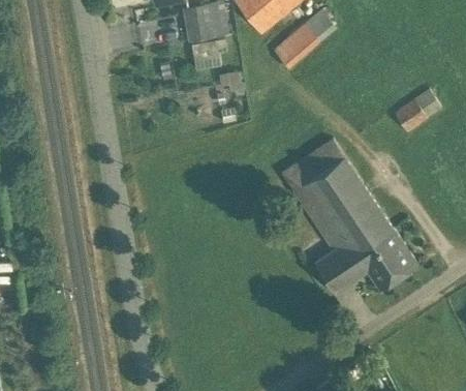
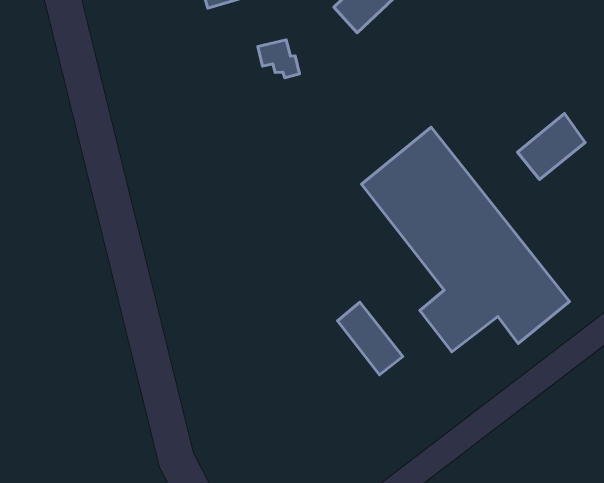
building: [395,87,441,130] -> [517,114,585,179]
building: none -> [338,302,403,375]

